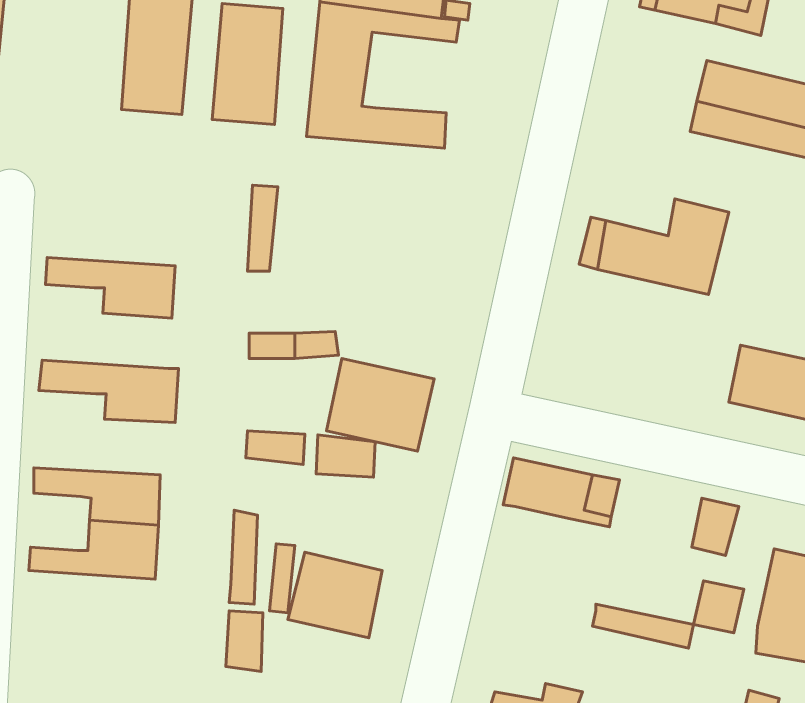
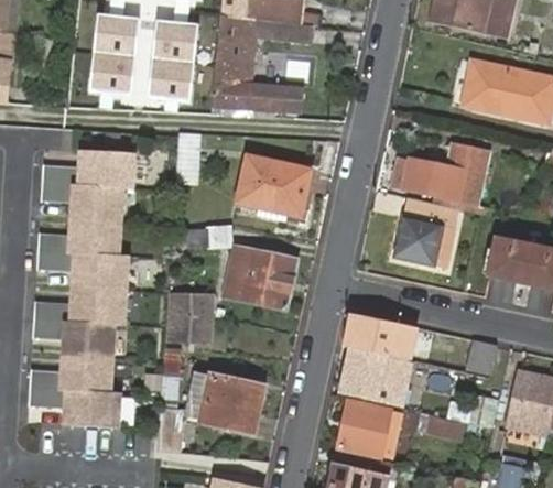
building: none -> [42,150,134,188]
building: none -> [237,156,308,217]
building: none -> [392,198,457,268]
building: none -> [39,218,123,254]
building: none -> [33,288,126,324]
building: [316,435,375,477] -> [171,313,209,340]
building: none -> [339,345,410,402]
building: none -> [29,387,120,427]
building: none -> [338,402,401,458]

